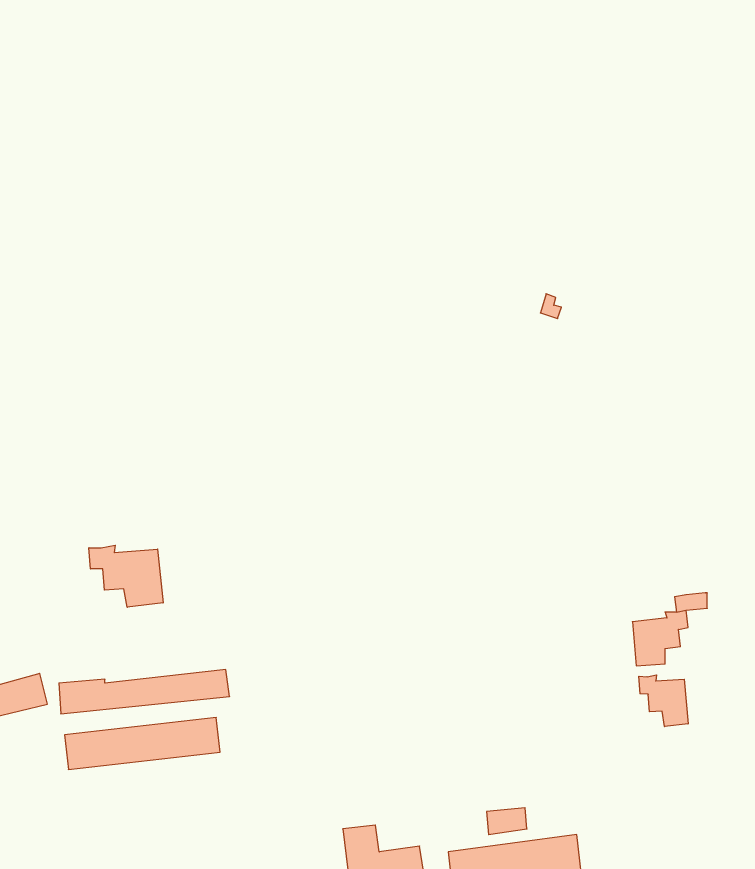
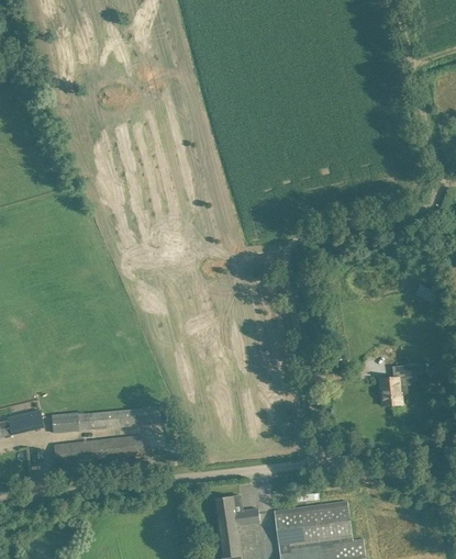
building: [89,545,163,607] -> none
building: [639,675,688,727] -> none

